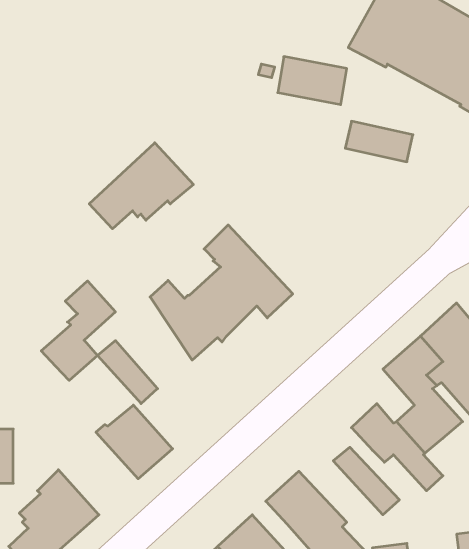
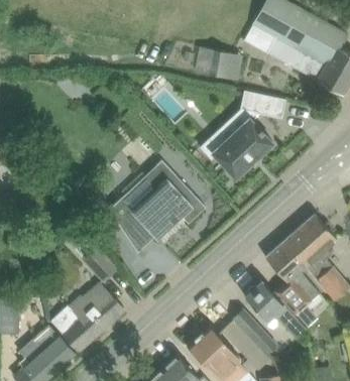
building: [89,143,193,229] -> none
building: none -> [200,120,272,178]
building: [41,281,115,380] -> none
building: none -> [50,300,101,352]
building: none -> [221,320,269,371]

